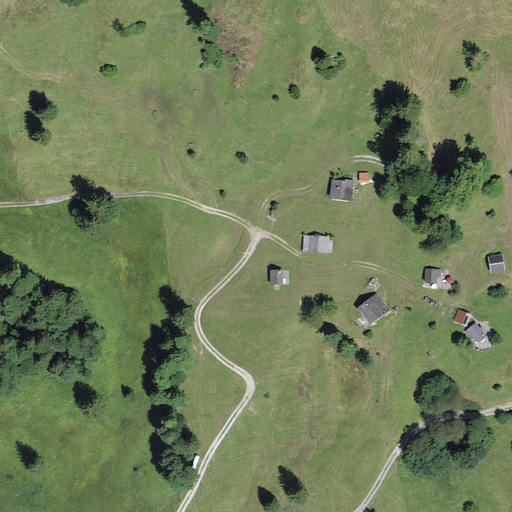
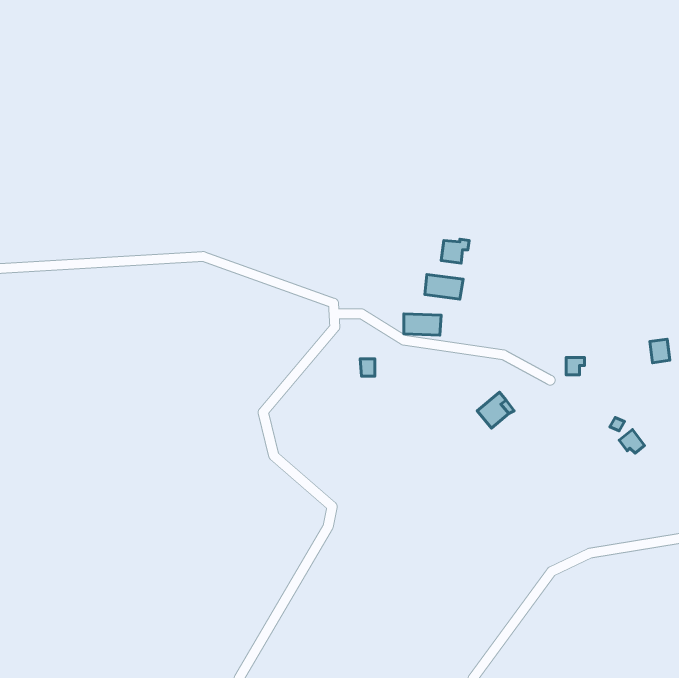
building: none -> [425,274,463,299]

